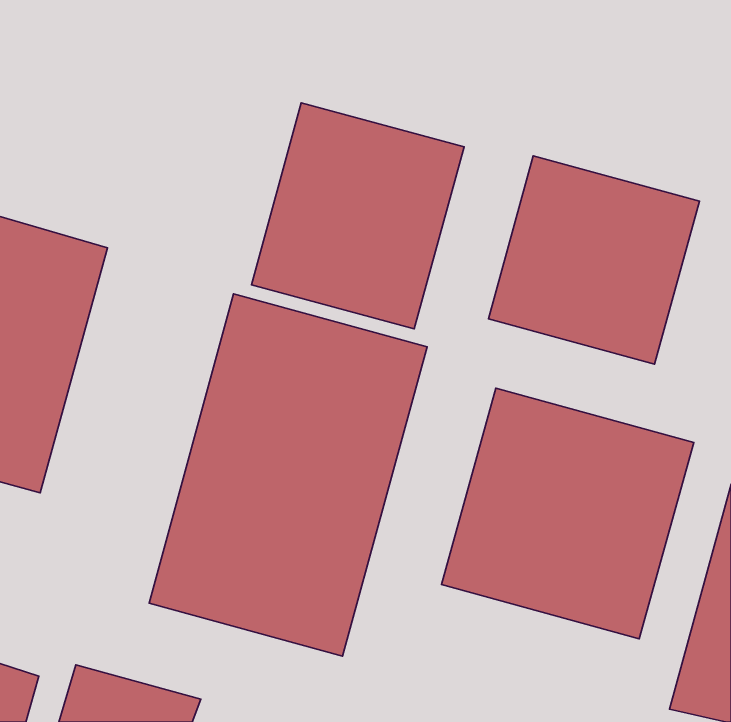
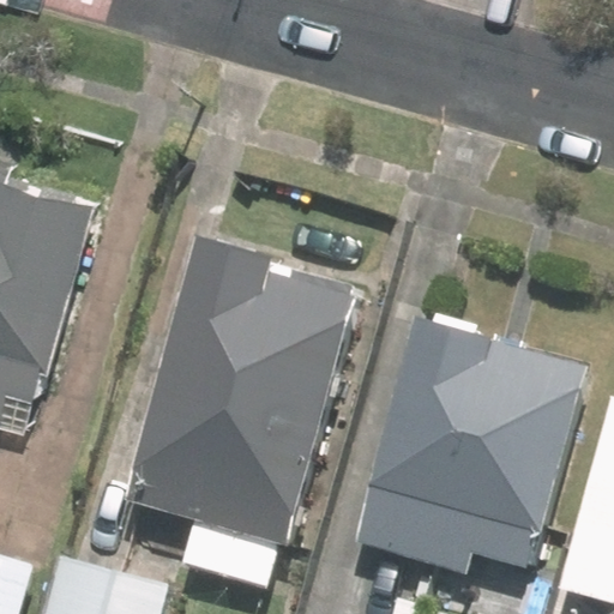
building: [252,103,464,329] -> none
building: [488,156,700,364] -> none

